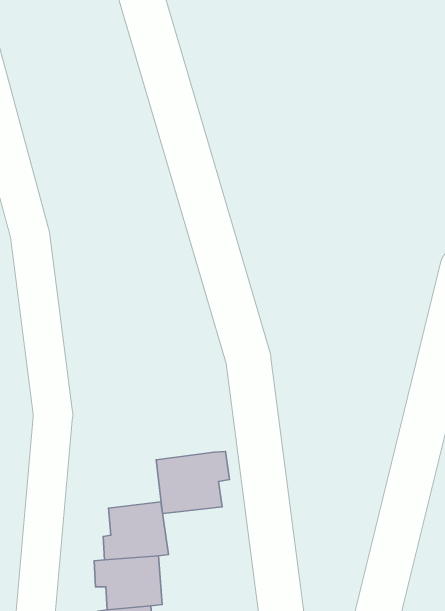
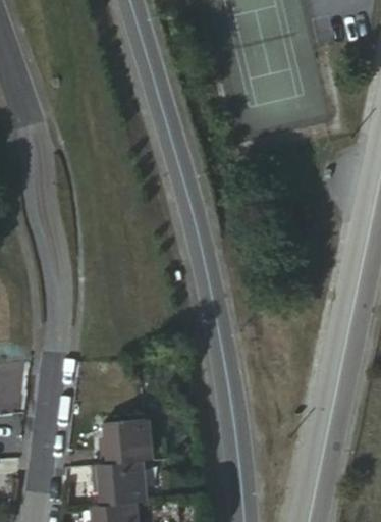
building: [156,451,230,513] -> none

